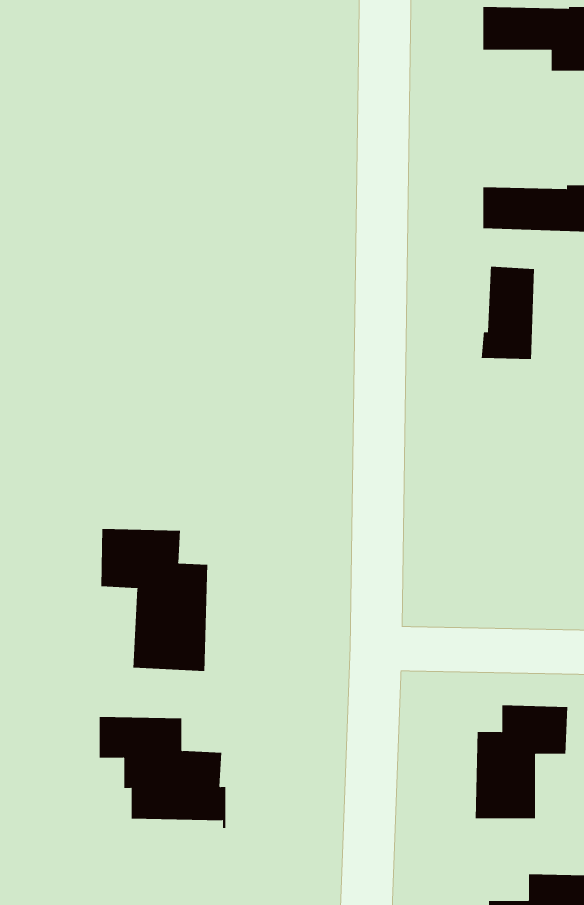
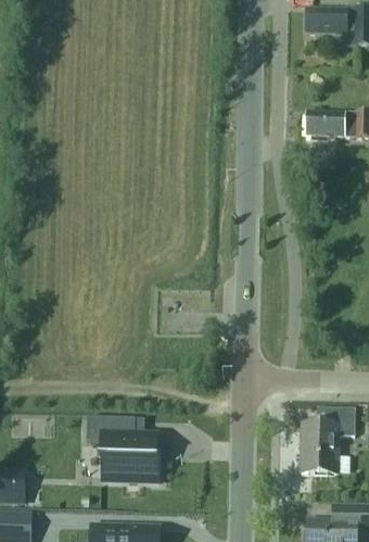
building: [481,266,534,360] -> none
building: [101,528,208,672] -> none

